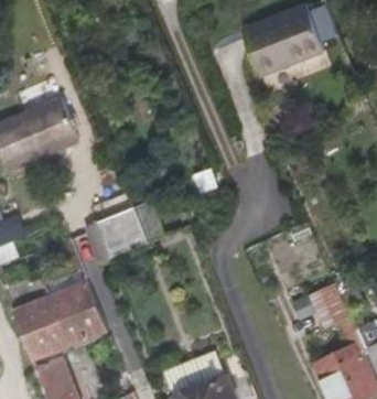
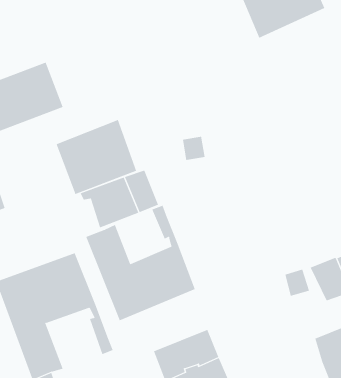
building: none -> [56,119,137,195]
building: none -> [85,205,195,321]

